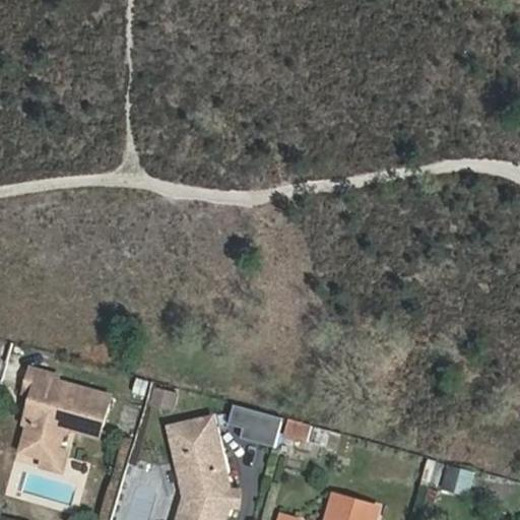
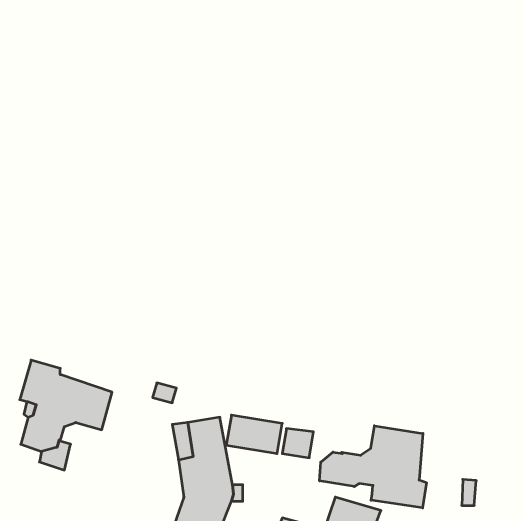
building: none -> [320,426,426,508]

